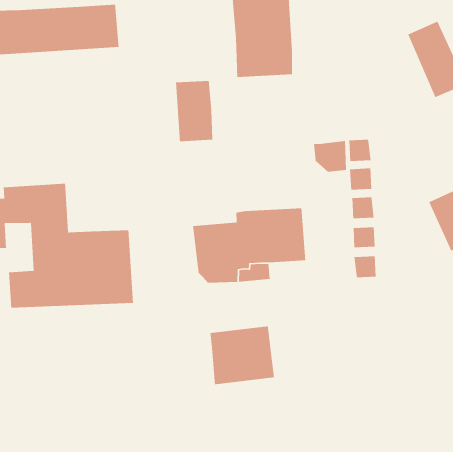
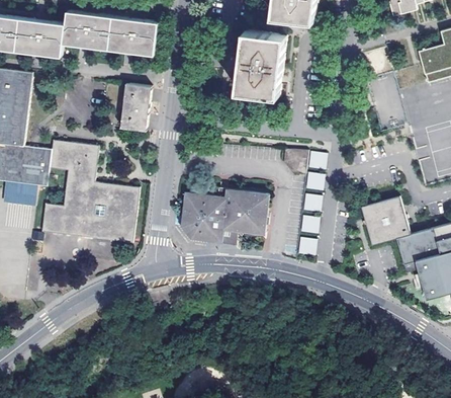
building: [175,80,213,142] -> [120,83,151,131]
building: [209,325,275,385] -> none

